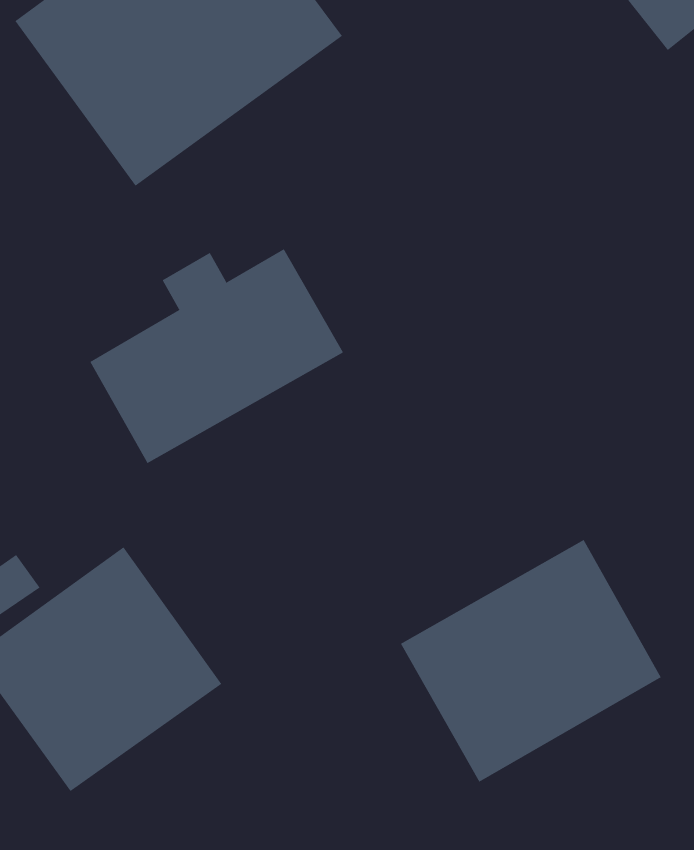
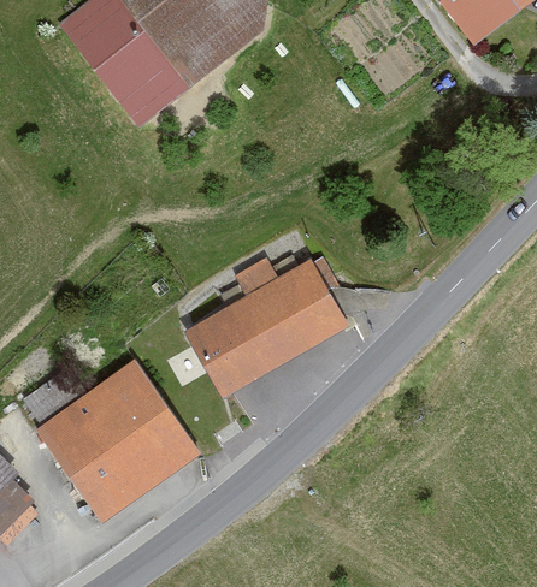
building: [90,248,344,464] -> [191,255,356,395]
building: [400,539,661,782] -> none

